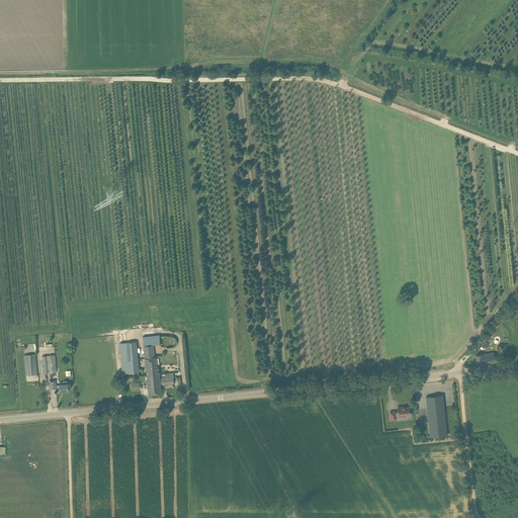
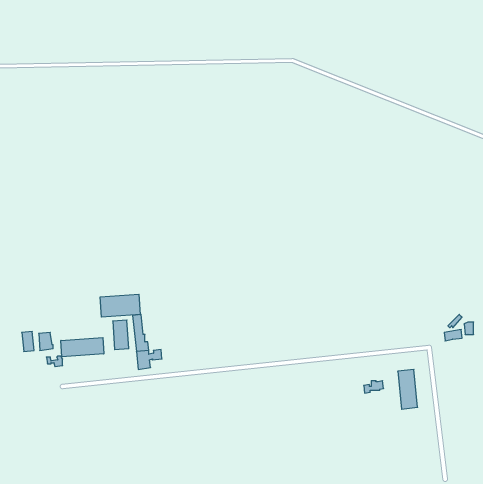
building: none -> [100,294,140,317]
building: none -> [61,338,104,357]

